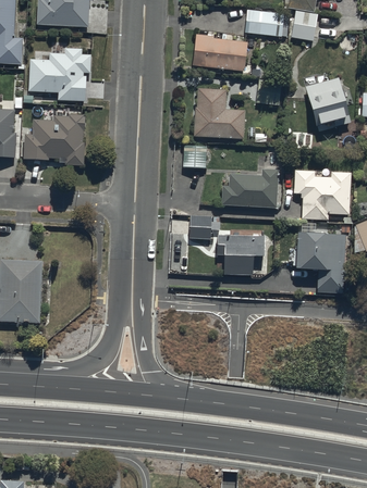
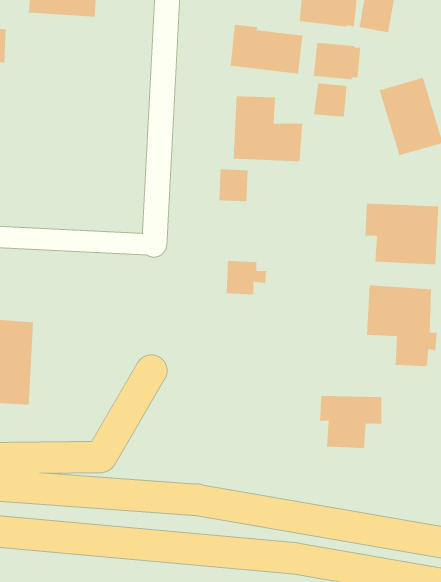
building: none -> [313,42,361,80]
building: [29,51,90,101] -> none
building: [23,114,85,165] -> none
building: [221,170,278,209] -> none
building: [217,235,265,275] -> [319,395,382,448]

